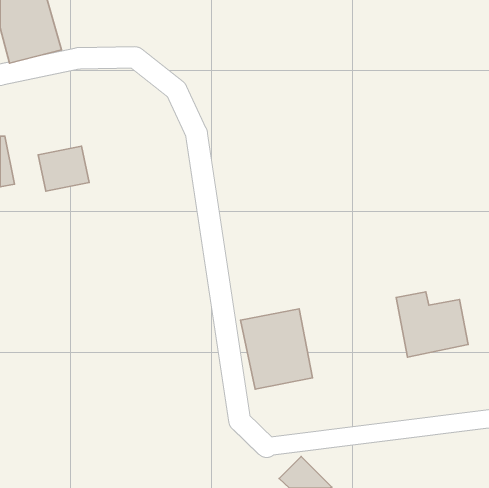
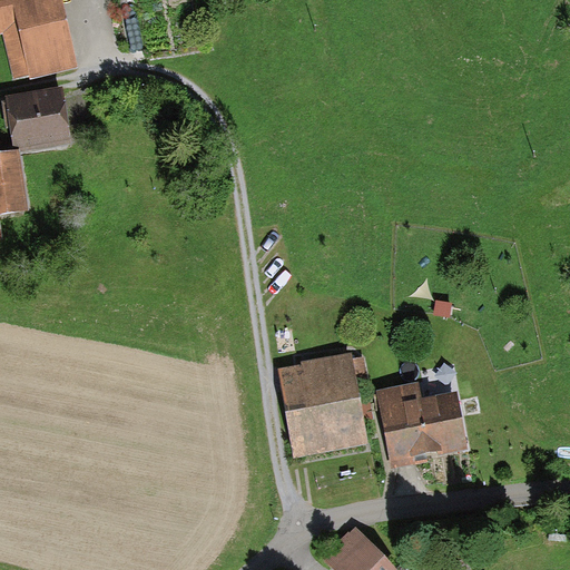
building: [38,146,89,191] -> [9,88,68,140]
building: [396,292,468,357] -> [379,385,462,461]

